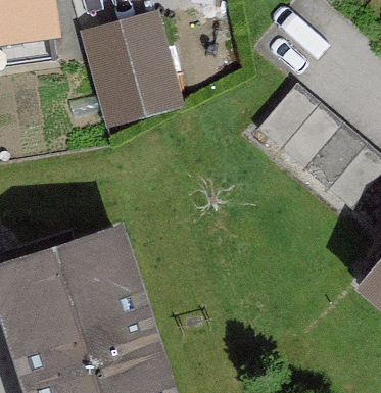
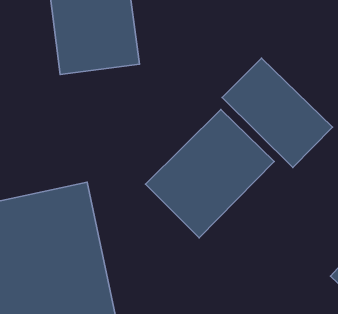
building: none -> [146,109,274,238]

